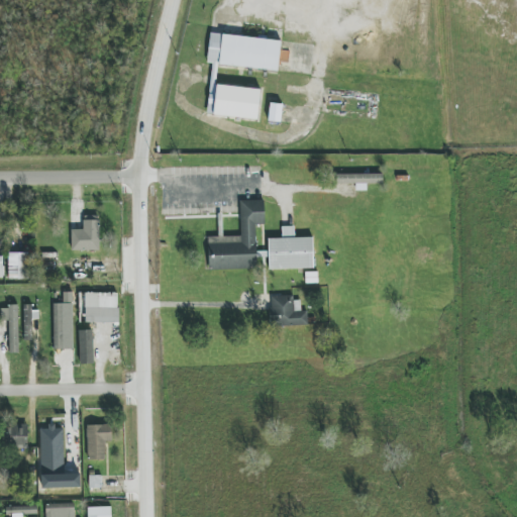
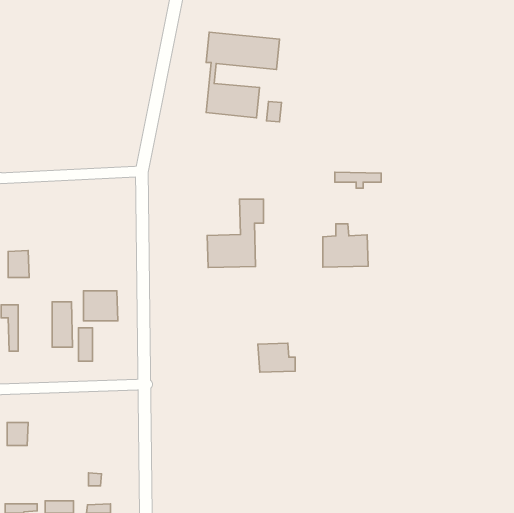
building: [71,215,100,250] -> none
building: [269,225,314,269] -> [323,224,368,267]
building: [270,296,307,325] -> [258,343,295,372]
building: [23,306,38,340] -> none
building: [87,424,112,459] -> none
building: [40,426,81,488] -> none

